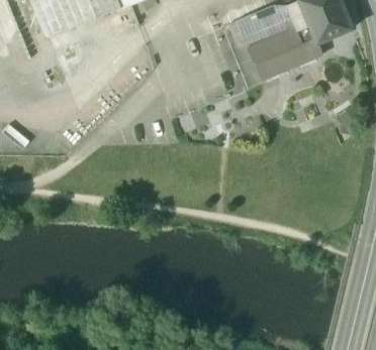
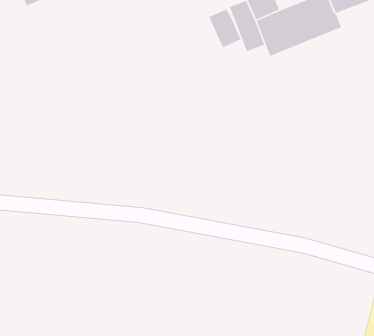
building: none -> [208,8,242,48]

